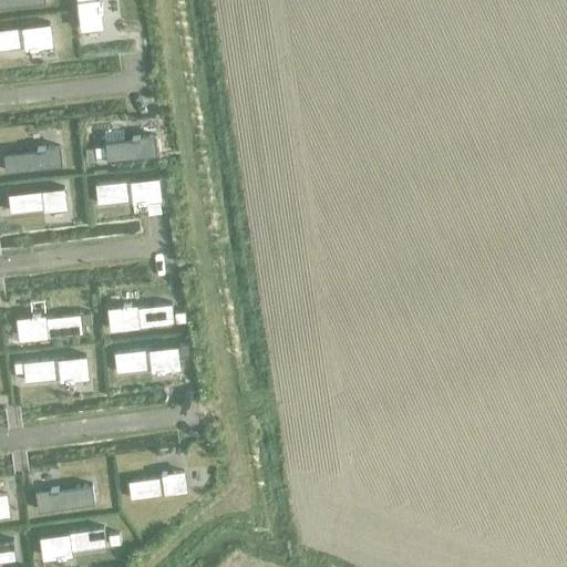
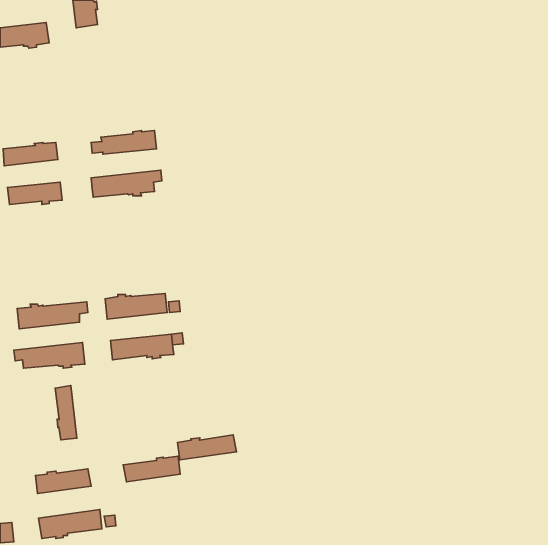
building: none -> [55,385,77,440]
building: none -> [178,435,237,460]

